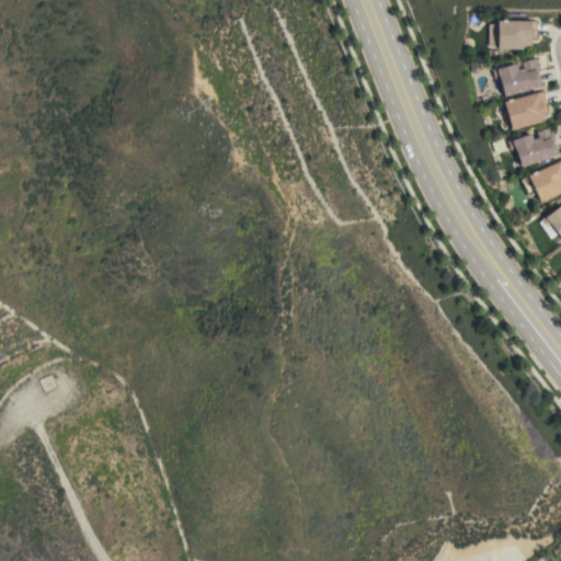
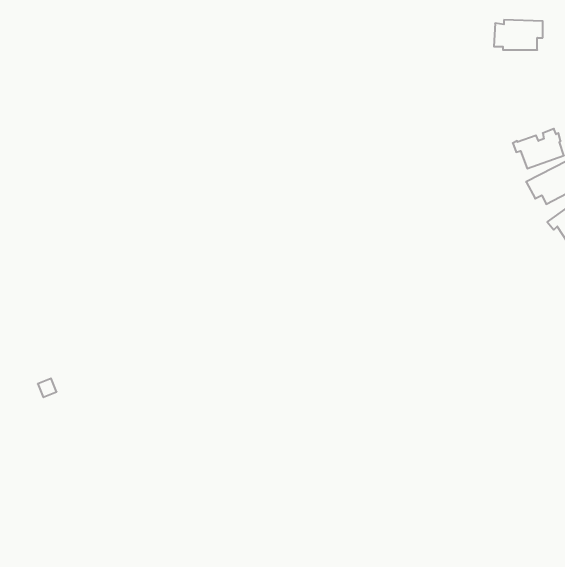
building: [494,58,542,95] -> none
building: [505,91,549,129] -> none

